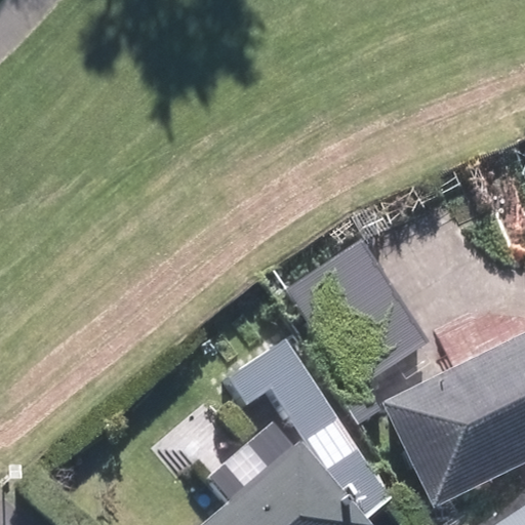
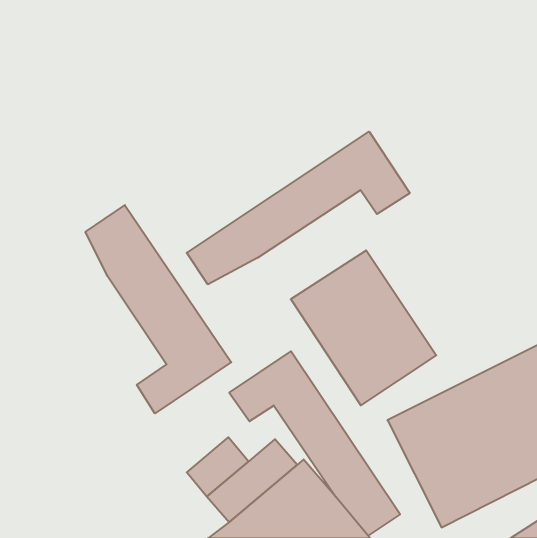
building: none -> [187,132,410,284]
building: none -> [86,205,231,413]

